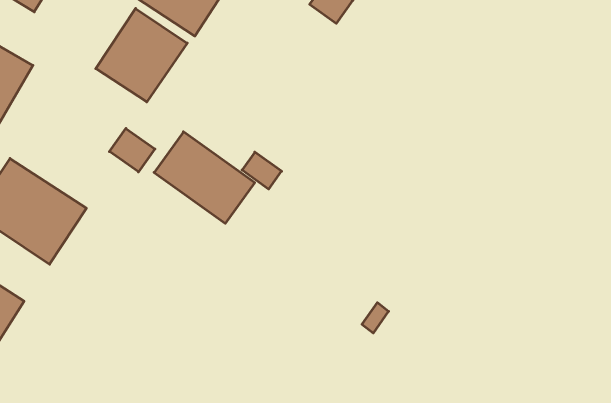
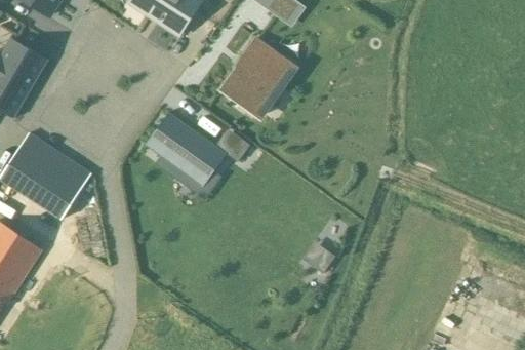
building: [96,8,187,102] -> none
building: none -> [221,38,294,116]
building: [109,128,155,172] -> none

